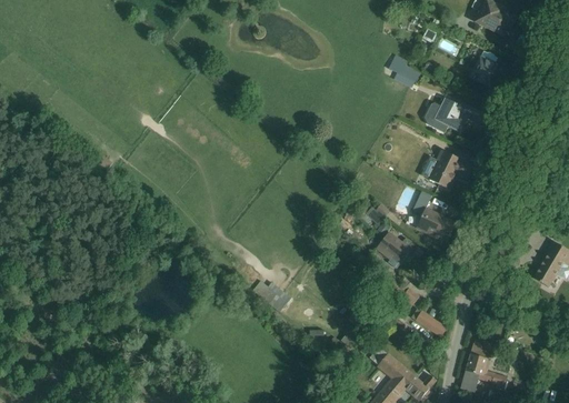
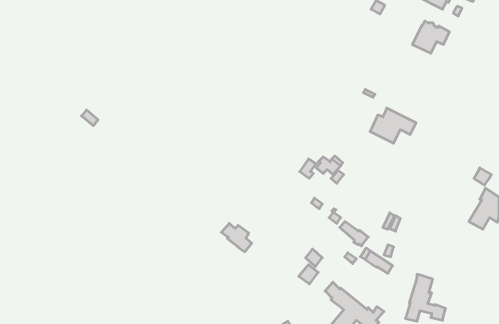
building: [389,54,419,87] -> none
building: [425,97,471,133] -> none
building: [411,191,456,242] -> none
building: [376,231,418,269] -> none

